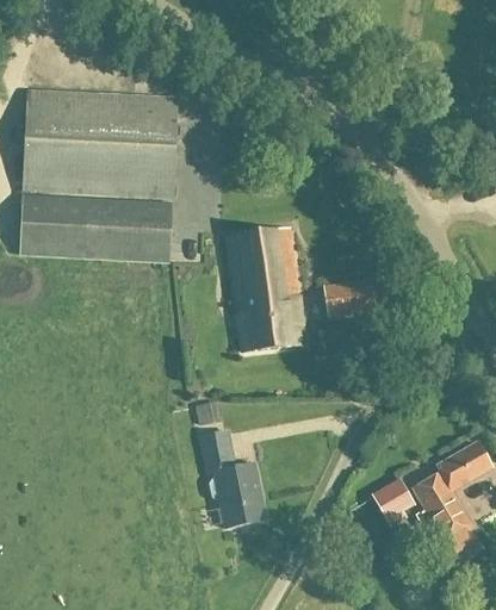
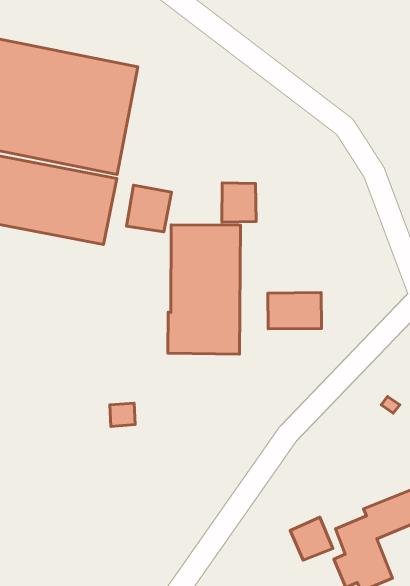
building: none -> [222,183,256,222]
building: none -> [126,185,172,232]
building: [202,429,266,527] -> none

